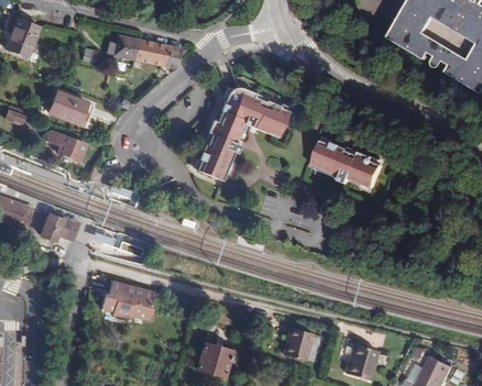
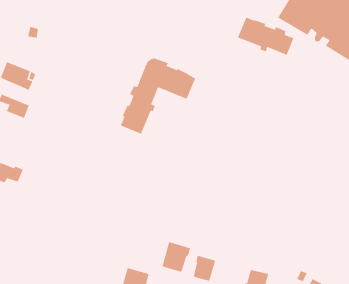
building: [107,35,182,68] -> none
building: [311,140,382,188] -> [237,16,294,56]
building: [101,280,157,321] -> none
building: none -> [161,241,191,273]

